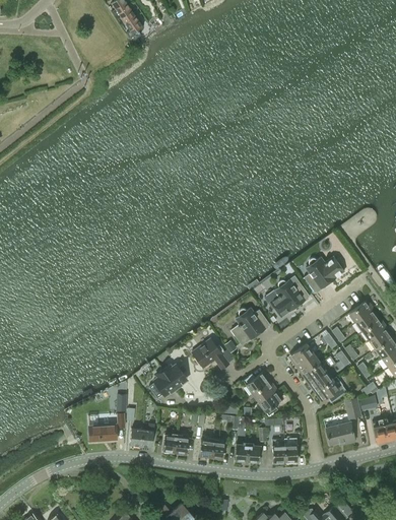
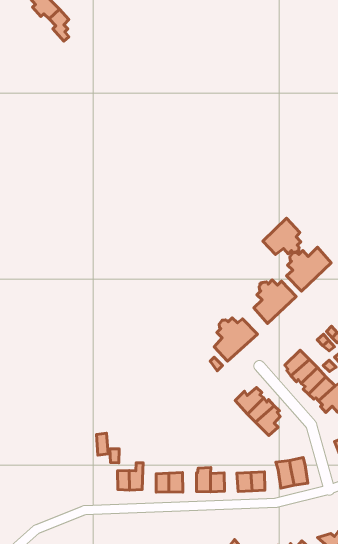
building: none -> [263,218,301,255]
building: [191,338,228,370] -> none
building: [148,365,187,399] -> none
building: [88,425,116,442] -> none

